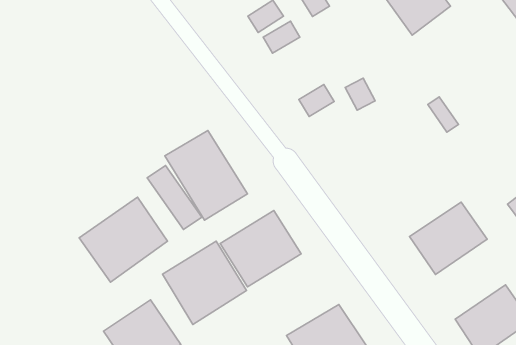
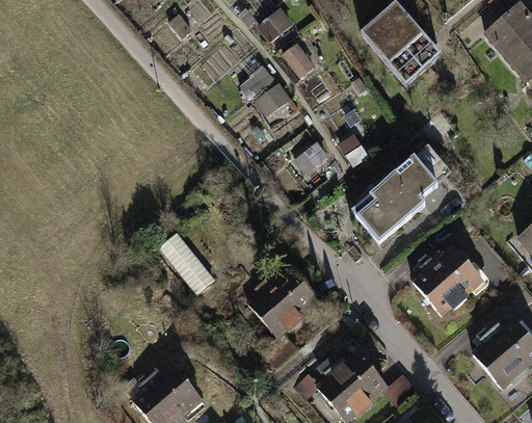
building: none -> [351,156,433,240]
building: [165,131,248,220] -> none
building: [79,197,168,282] -> none
building: [163,241,247,324] -> none

